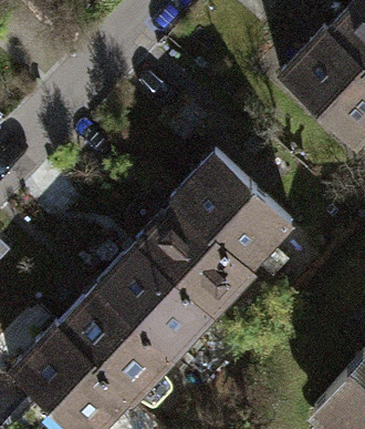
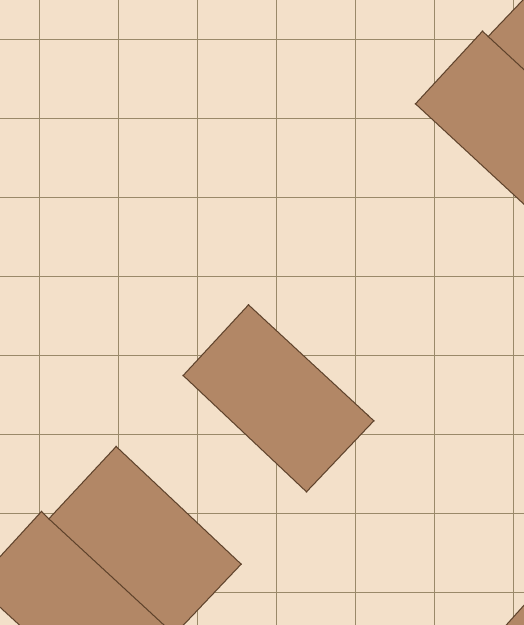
building: [170,155,288,270] -> none
building: [93,246,209,361] -> none

